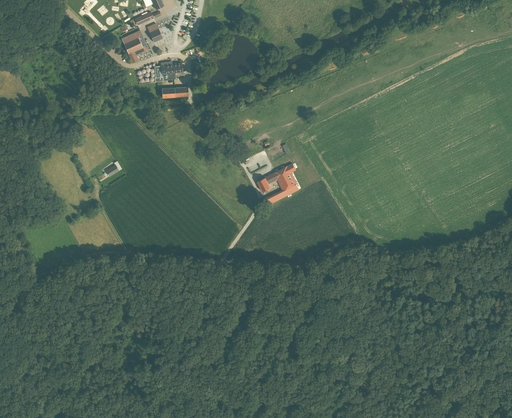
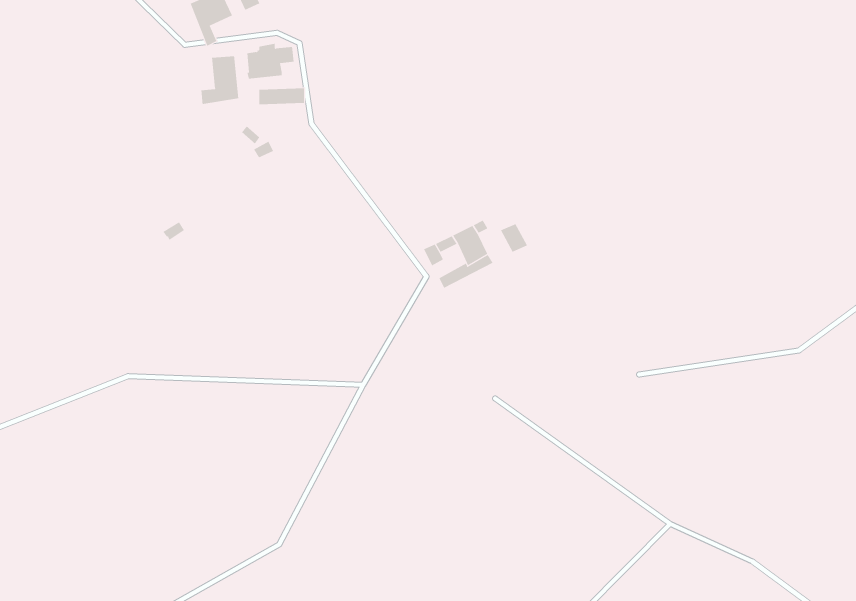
building: none -> [201,56,239,105]

